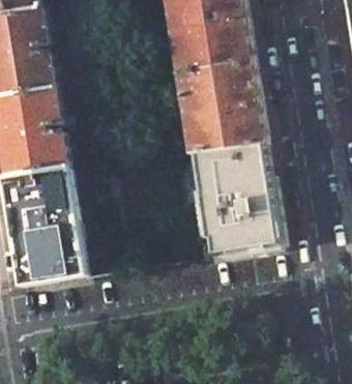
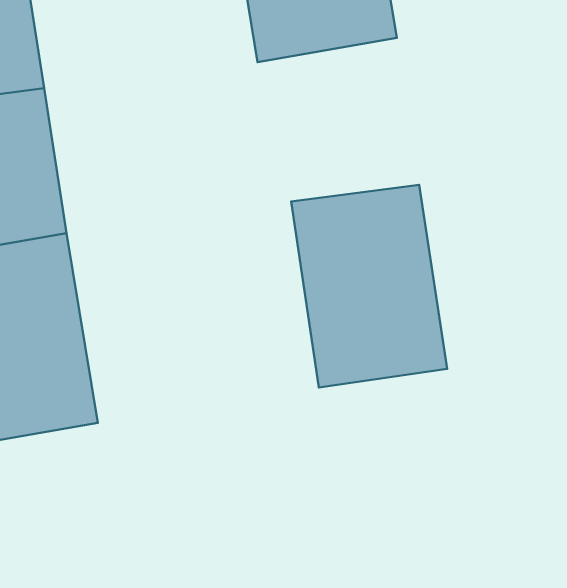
building: [174,57,264,149] -> none

